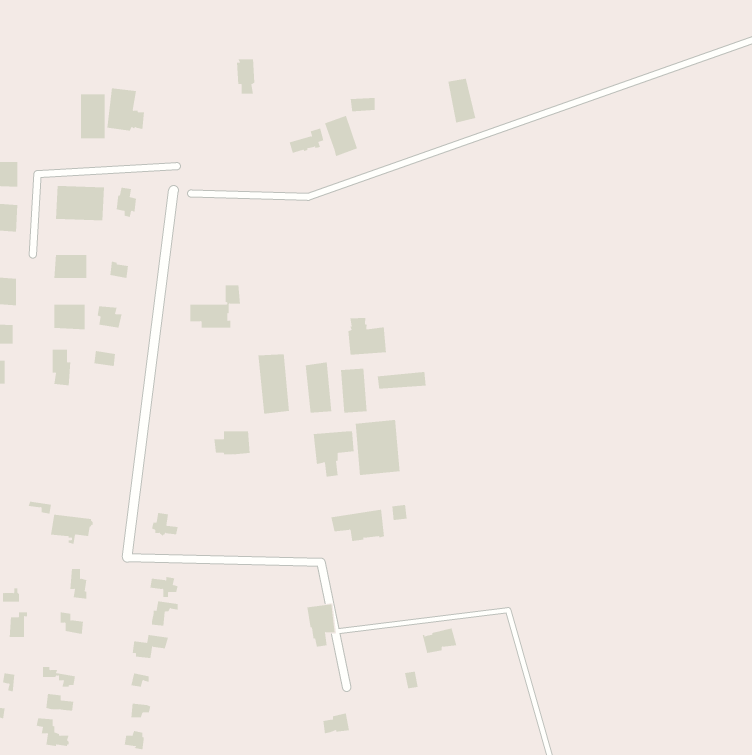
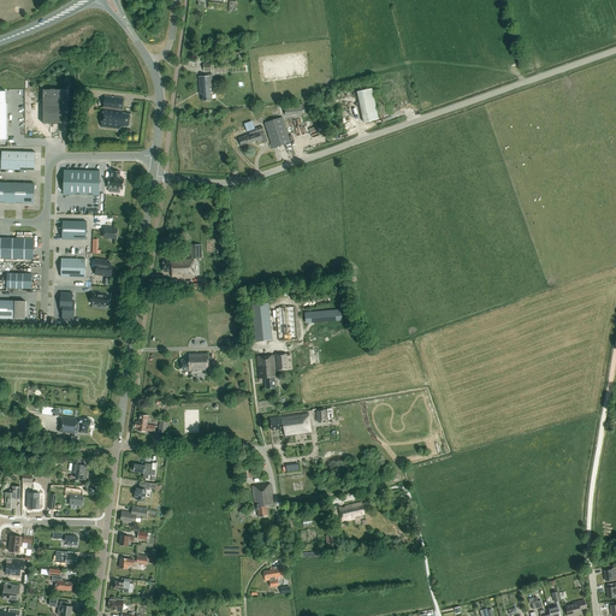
building: [80,94,106,139] -> [43,90,63,124]
building: [348,317,386,355] -> none
building: [258,354,289,415] -> none
building: [355,419,400,476] -> none

